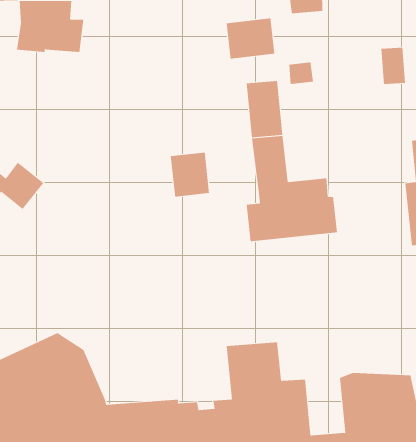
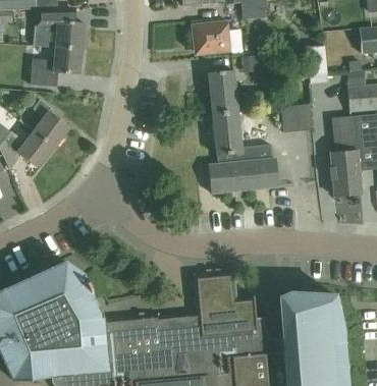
building: none -> [31,46,83,87]
building: none -> [34,100,71,148]
building: none -> [281,103,313,131]
building: [170,152,210,197] -> none

